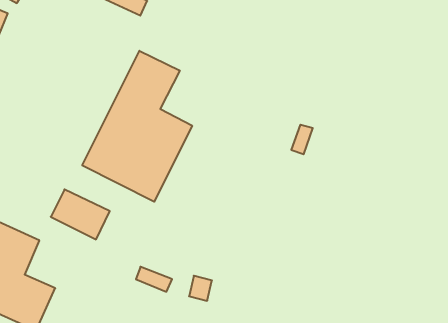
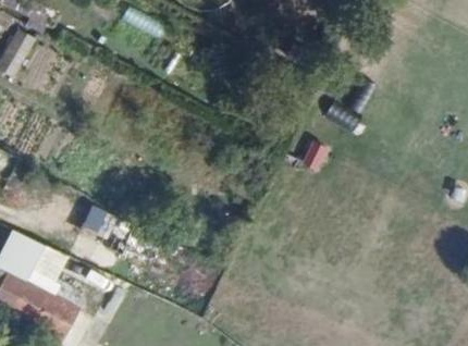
building: [82,51,192,202] -> none

